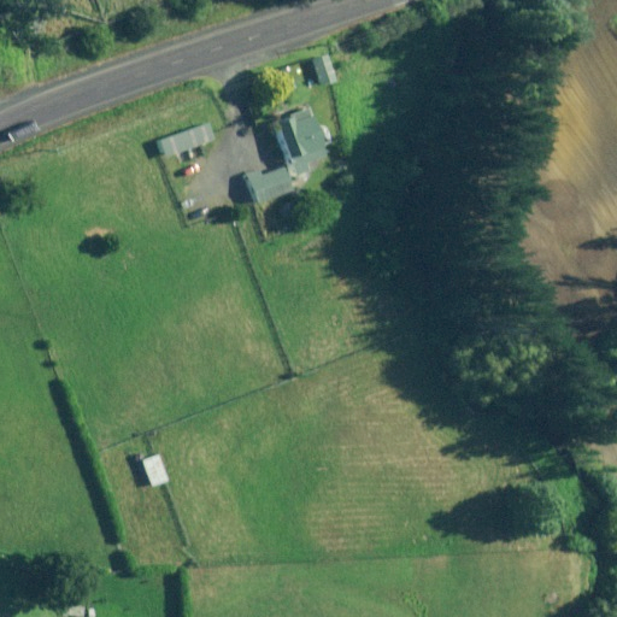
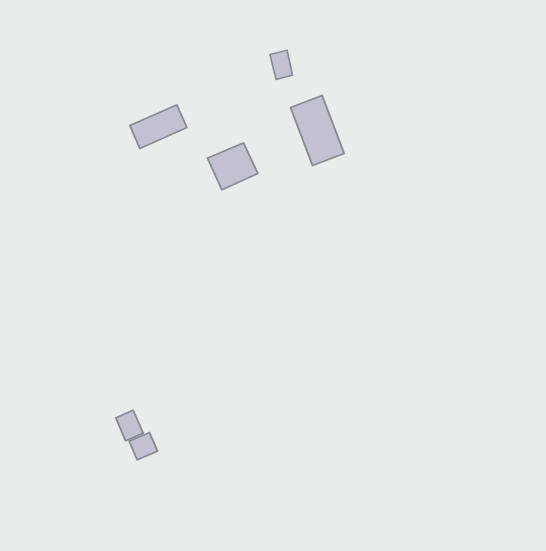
building: [271,105,330,182] -> [291,96,344,165]
building: none -> [129,432,157,460]

